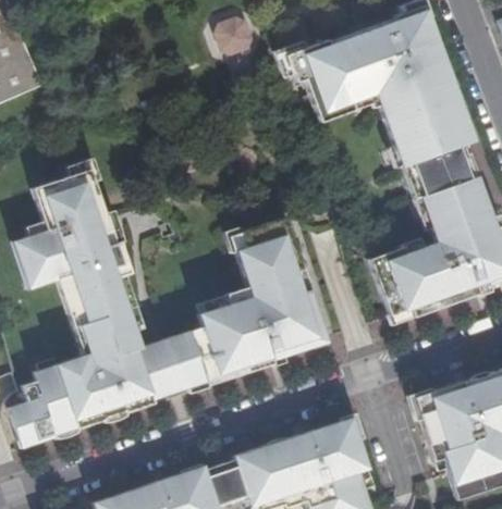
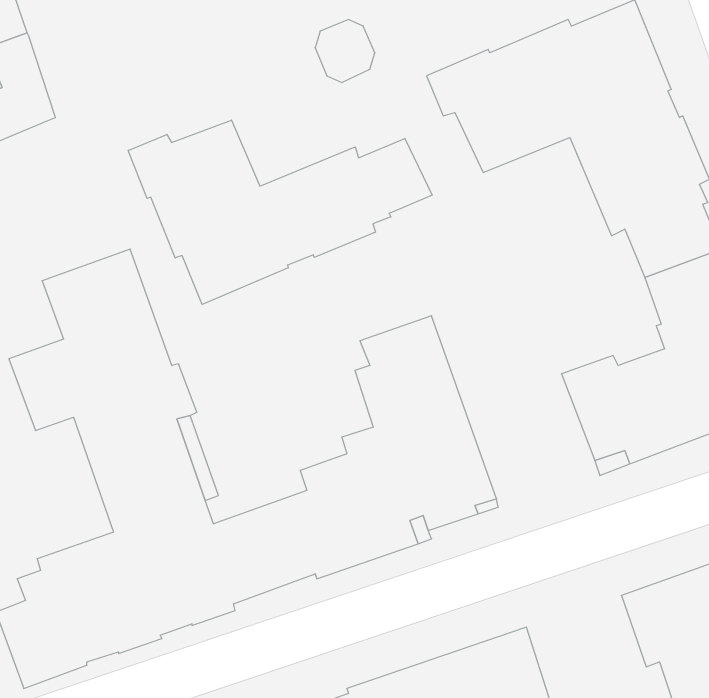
building: none -> [128,120,432,304]

